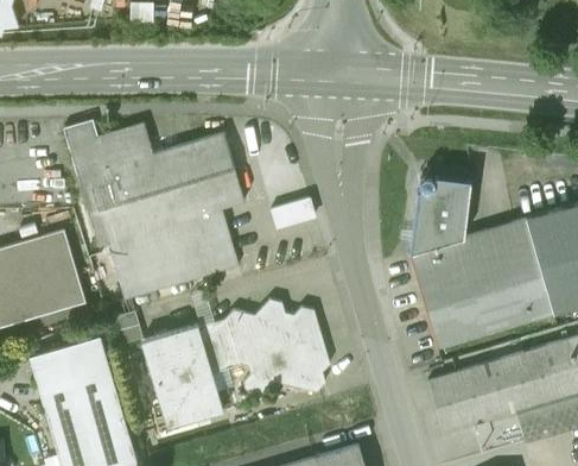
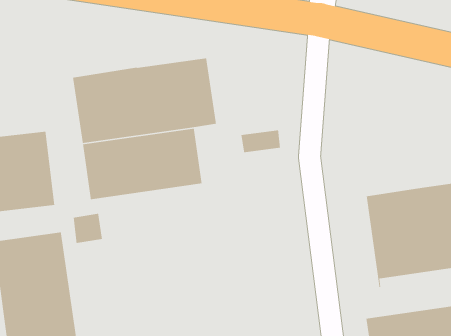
building: [64,121,152,177] -> none
building: [408,176,470,253] -> none
building: [141,301,328,428] -> none

